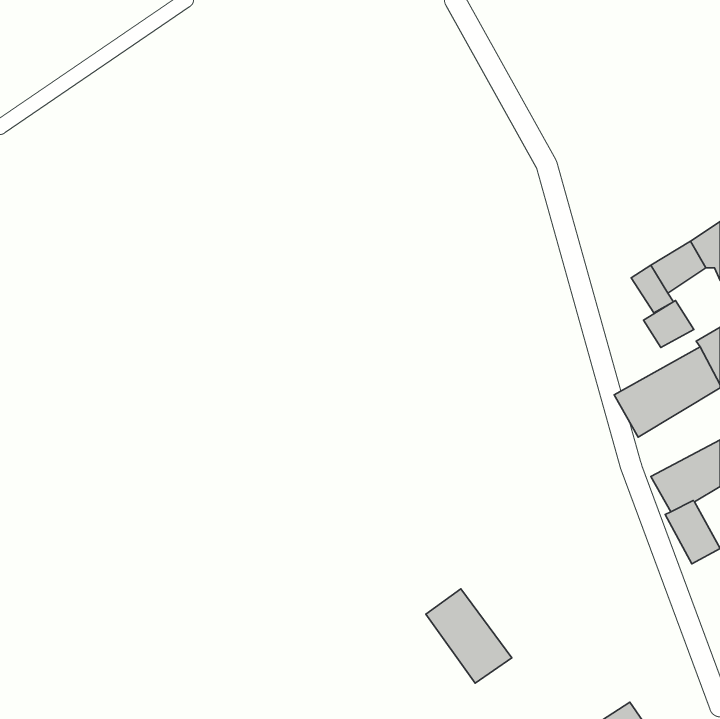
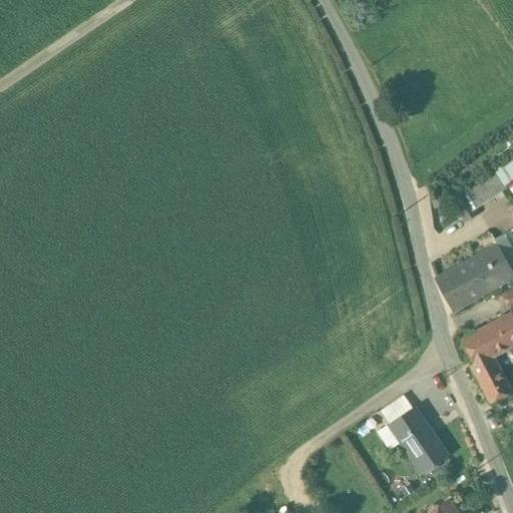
building: [644,300,694,347] -> none
building: [426,589,512,683] -> [389,406,450,473]

